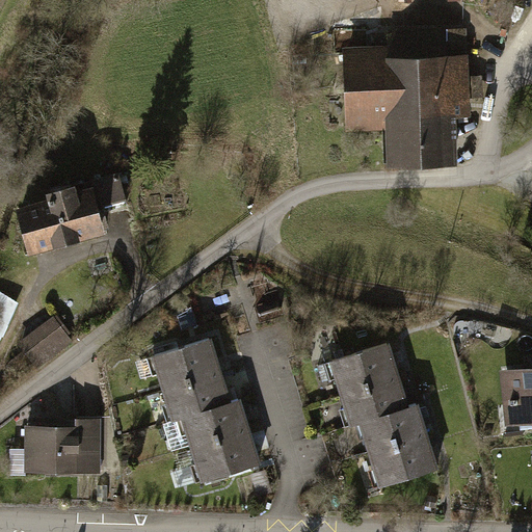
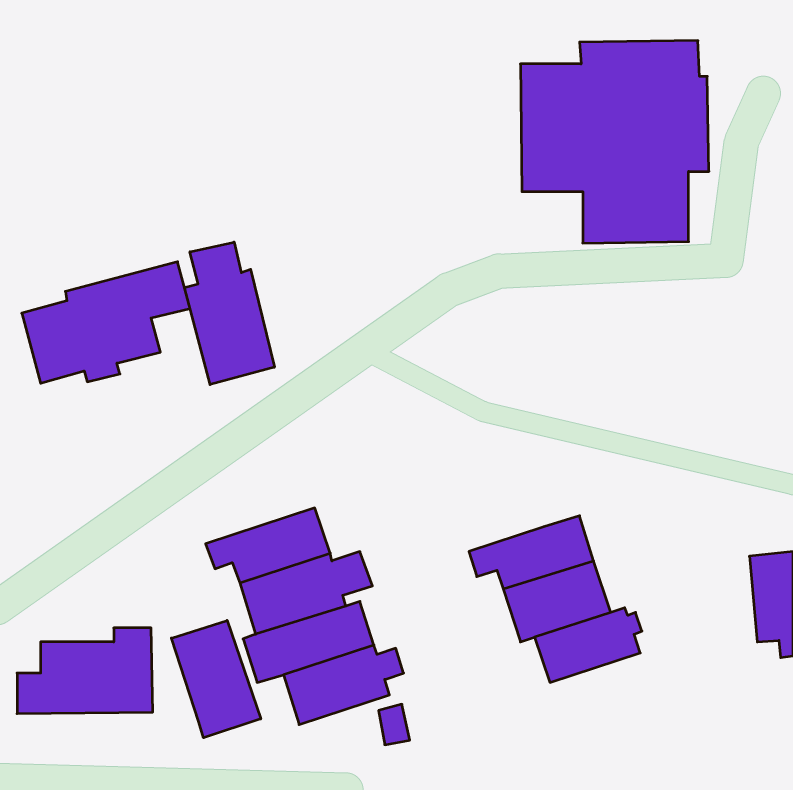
building: none -> [185,242,274,385]
building: [19,321,69,369] -> none
building: none -> [171,620,261,738]
building: [355,435,437,491] -> none

